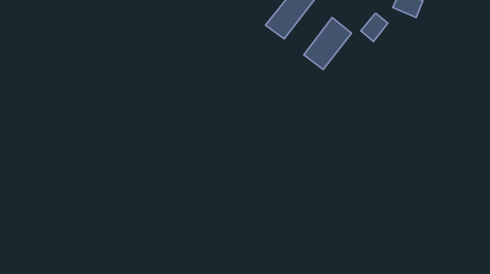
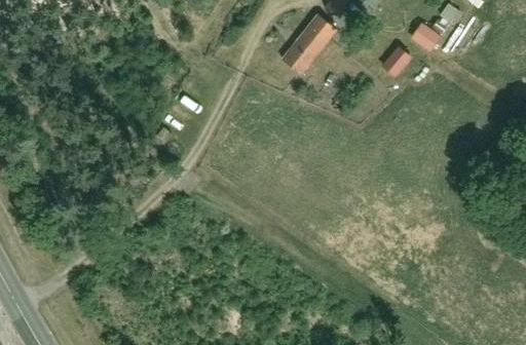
building: [304,17,352,70] -> none

